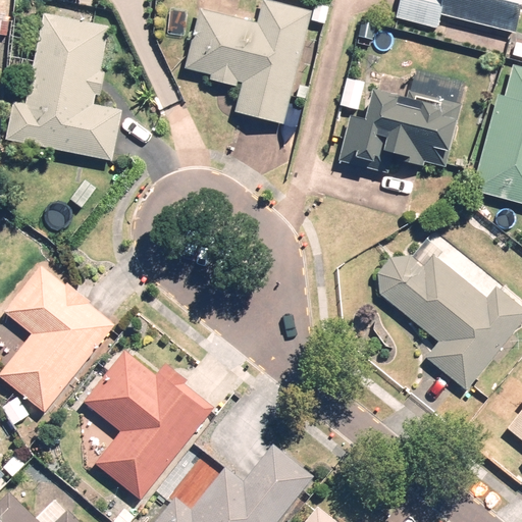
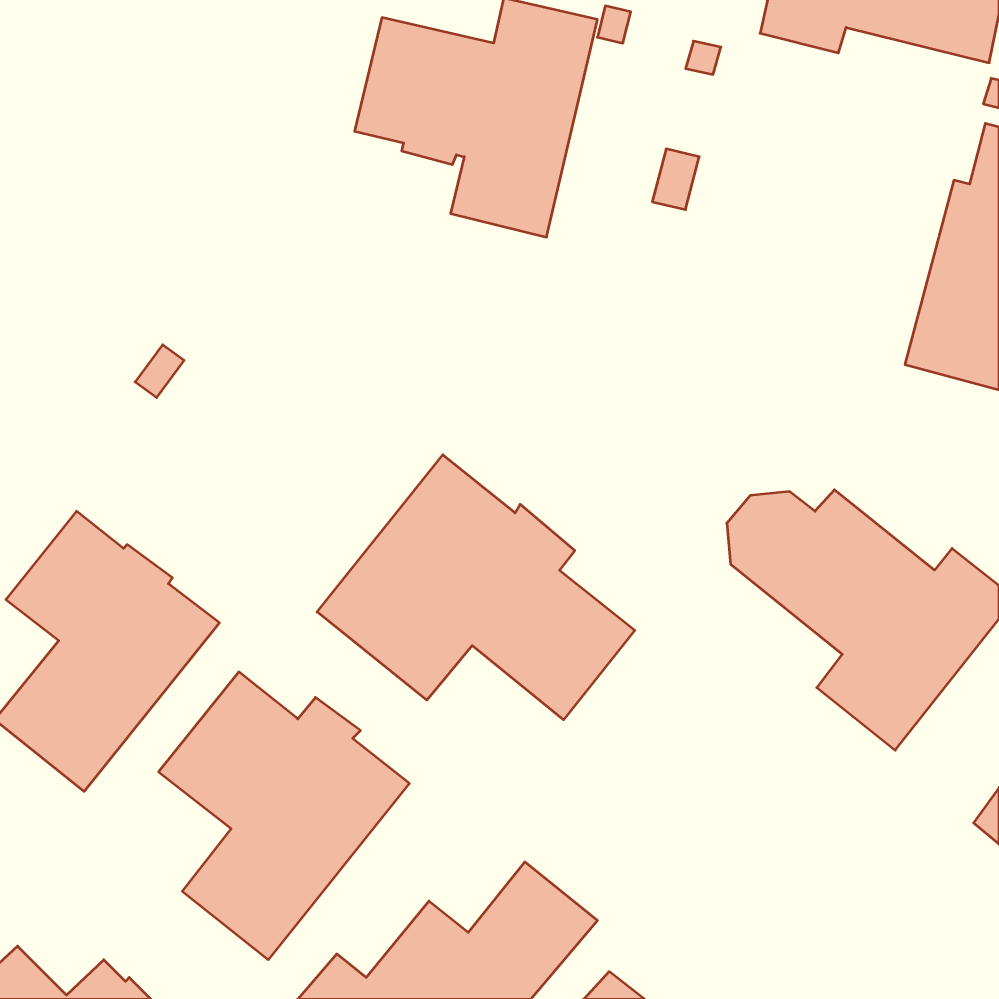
building: [6,12,122,160] -> none
building: [338,69,466,172] -> none
building: none -> [317,455,635,720]

